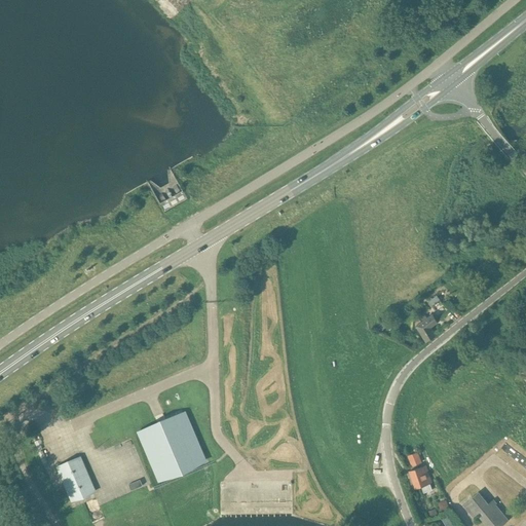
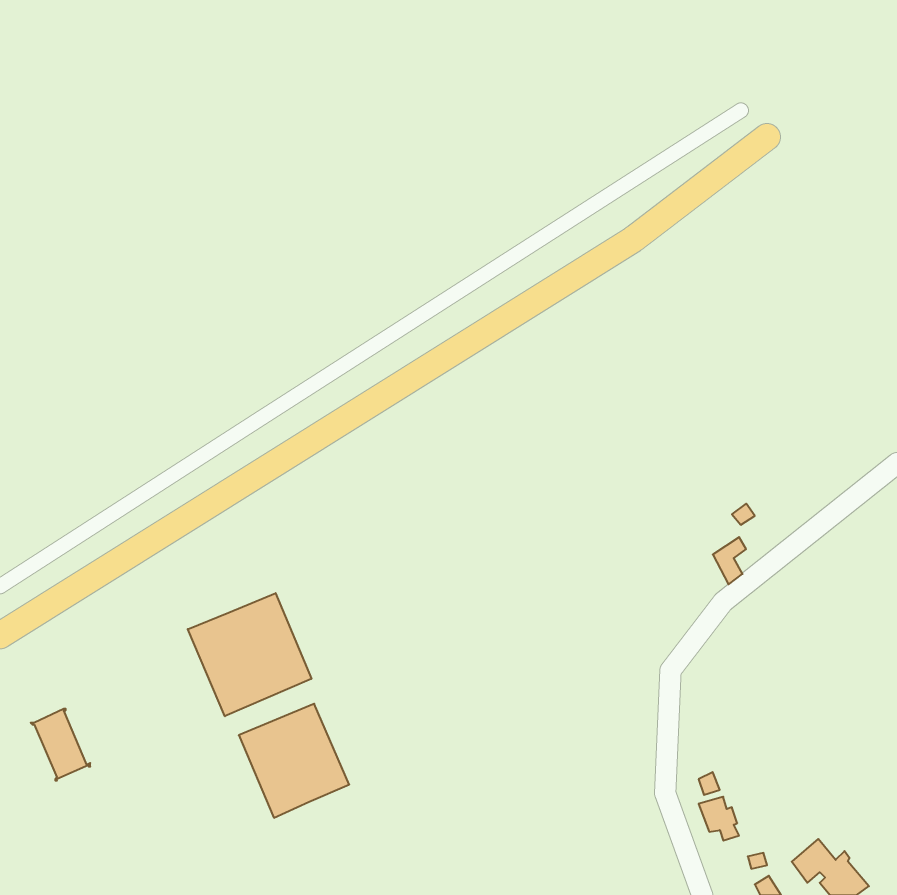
building: none -> [188,593,311,716]
building: [59,457,93,499] -> [31,709,90,781]

